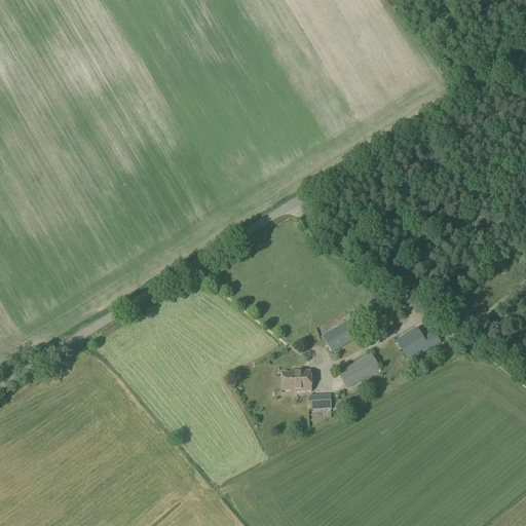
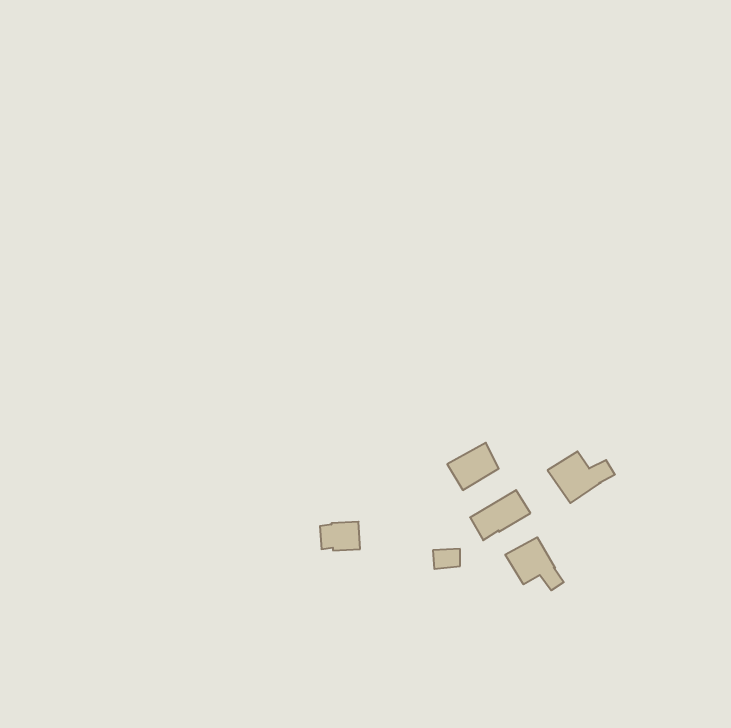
building: [283,369,311,389] -> [320,522,360,550]
building: none -> [505,537,564,590]

